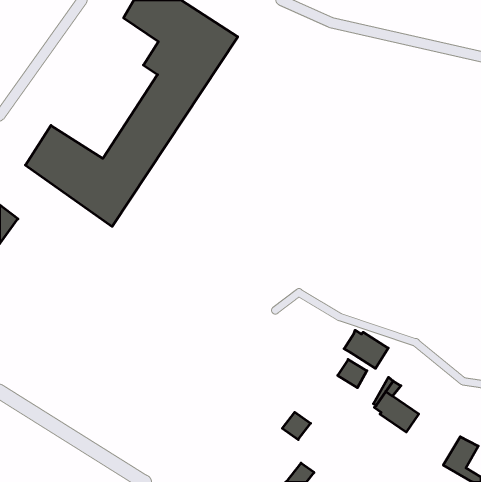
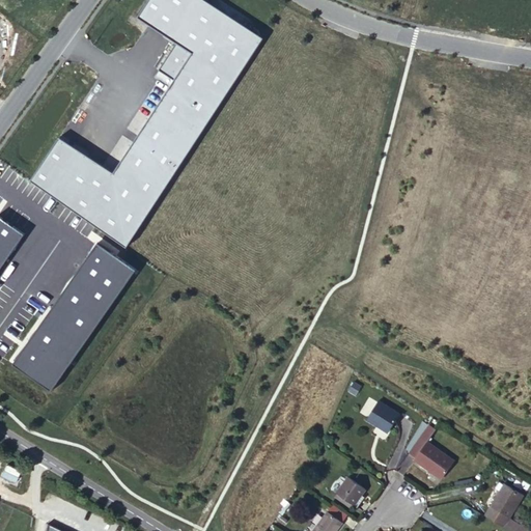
building: none -> [10,245,133,392]
building: [344,330,388,368] -> none
building: [282,412,311,440] -> [338,473,369,503]

